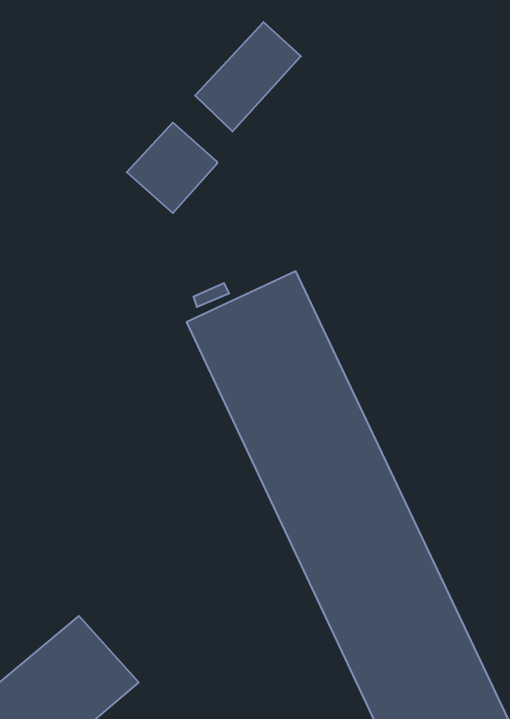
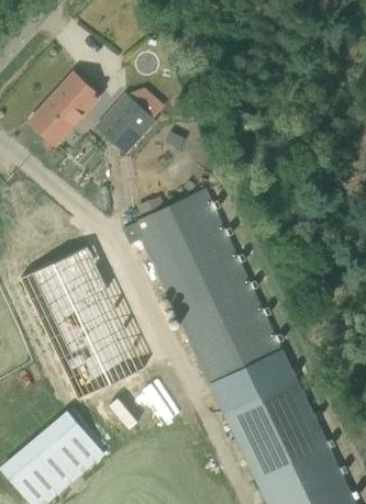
building: [195,22,301,131] -> [31,74,99,144]
building: none -> [21,246,145,399]

